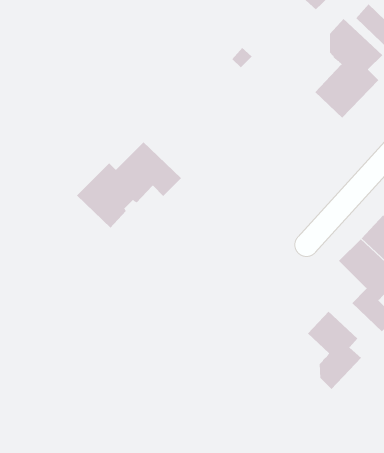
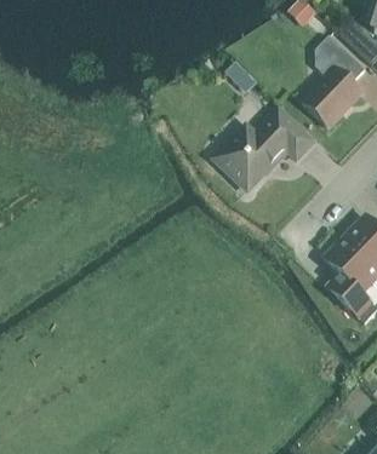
building: [76,141,182,228] -> [216,108,313,188]
building: [307,311,362,390] -> none

